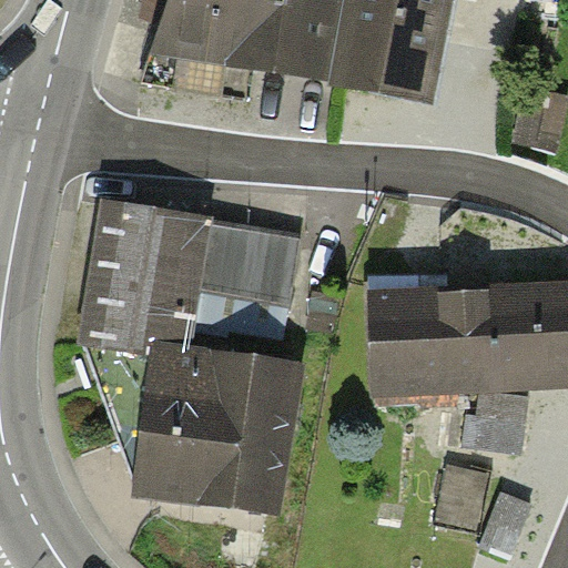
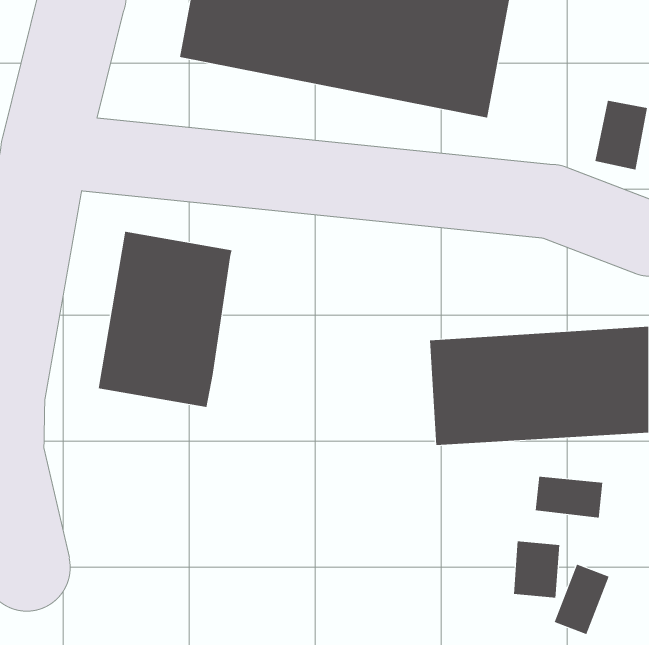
building: [186,223,304,332] -> none
building: [85,339,303,509] -> none

